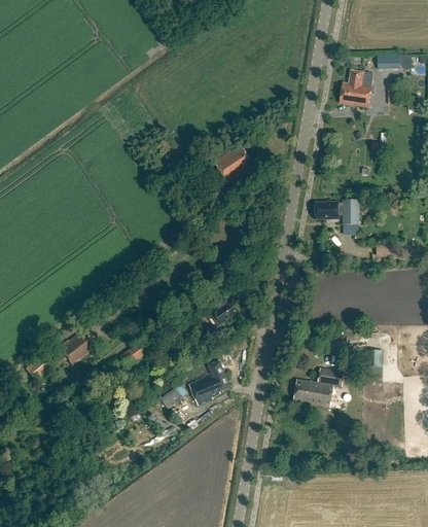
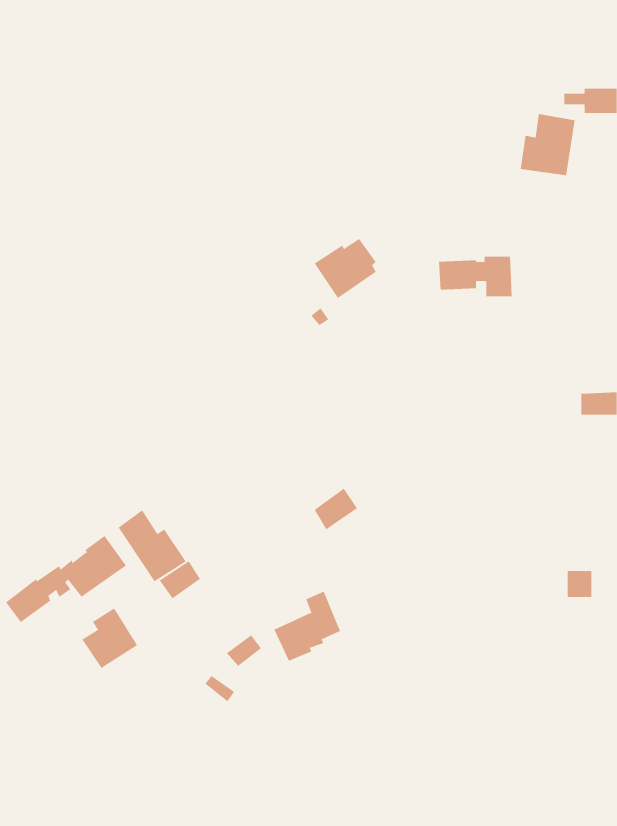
building: [314,199,359,223] -> [438,256,512,297]
building: none -> [118,510,186,582]
building: [293,368,344,409] -> none
building: none -> [82,607,138,669]

